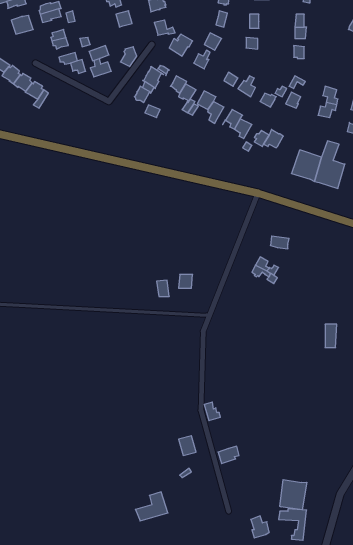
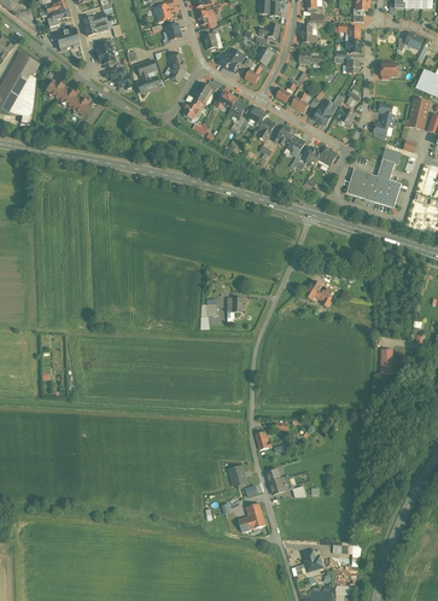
building: [280,480,307,510] -> none
building: [135,492,168,521] -> [232,502,265,532]

